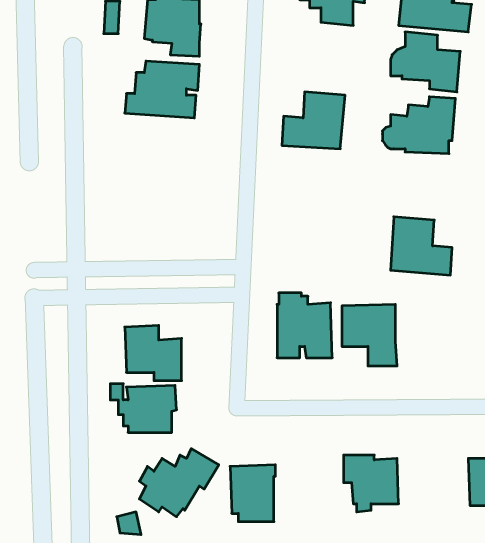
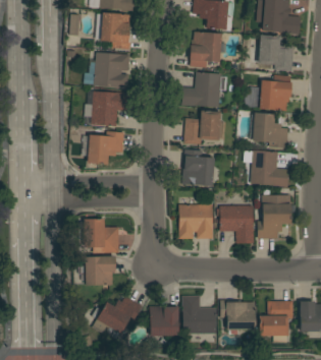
building: none -> [190,32,222,68]
building: none -> [85,91,131,127]
building: none -> [184,111,221,144]
building: none -> [253,113,288,148]
building: none -> [88,131,125,165]
building: none -> [182,149,215,186]
building: none -> [258,196,291,239]
building: none -> [182,296,217,335]
building: none -> [259,301,293,337]

